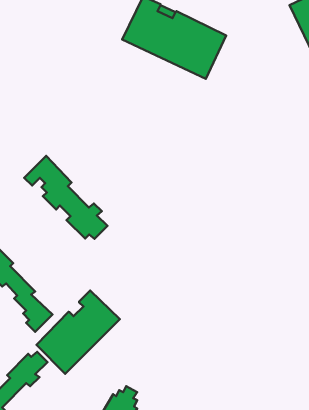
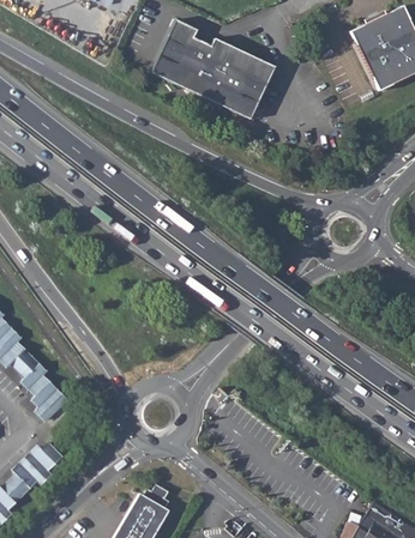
building: [24,156,107,239] -> none
building: [36,290,120,374] -> none

